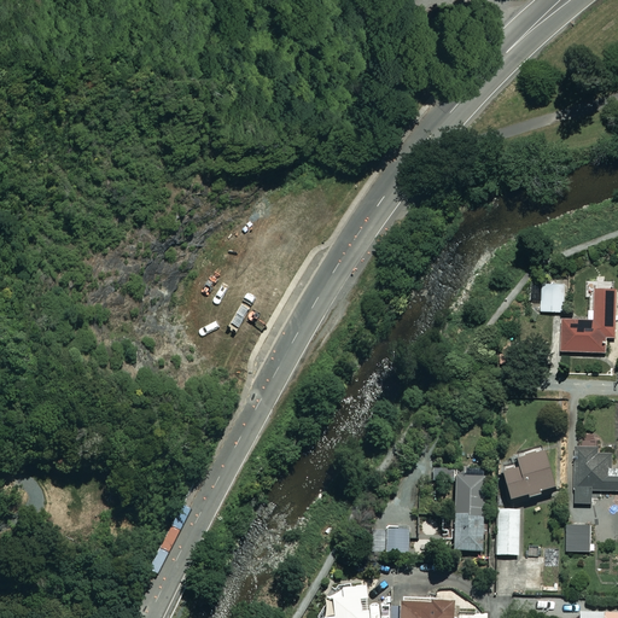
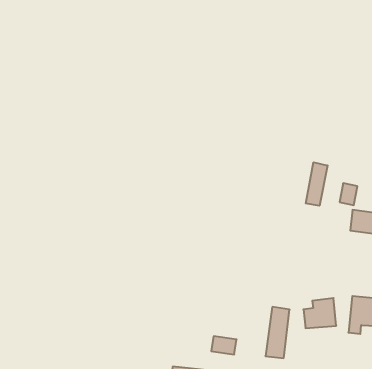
building: none -> [306,162,328,206]
building: [496,509,519,555] -> none
building: [567,525,589,550] -> none

